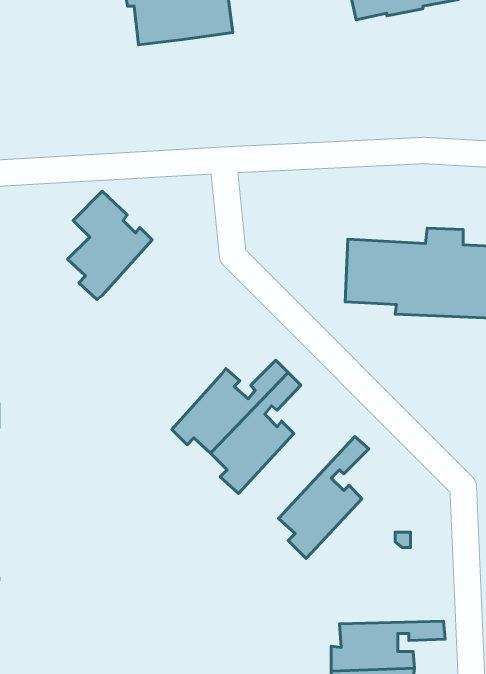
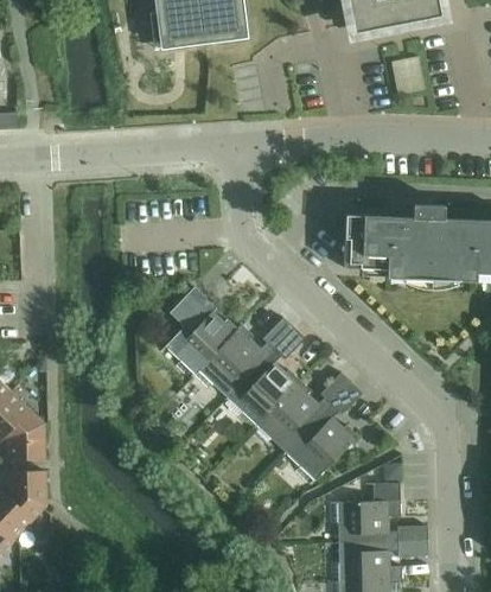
building: [68,191,152,300] -> [165,287,237,380]
building: none -> [251,371,351,452]
building: none -> [330,482,427,542]

